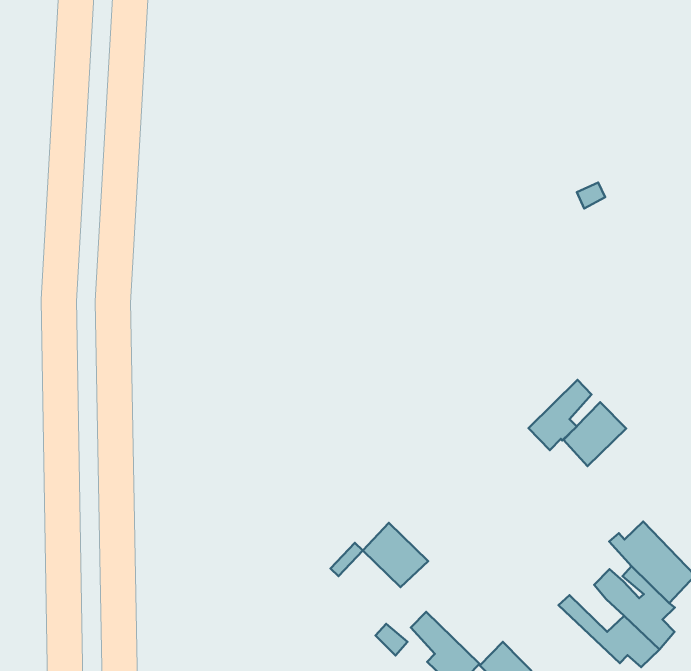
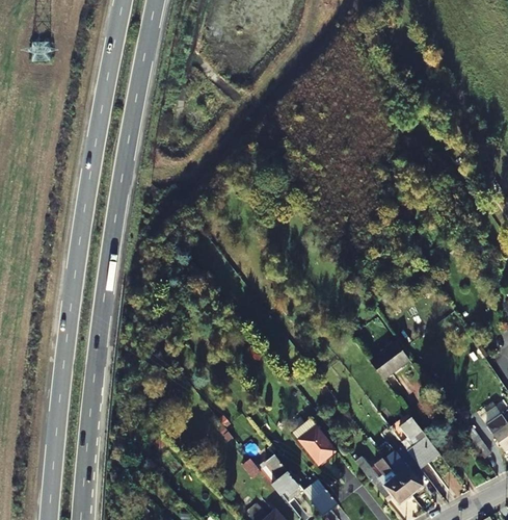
building: [528,380,592,450] -> none
building: [363,523,428,587] -> [300,428,339,468]

